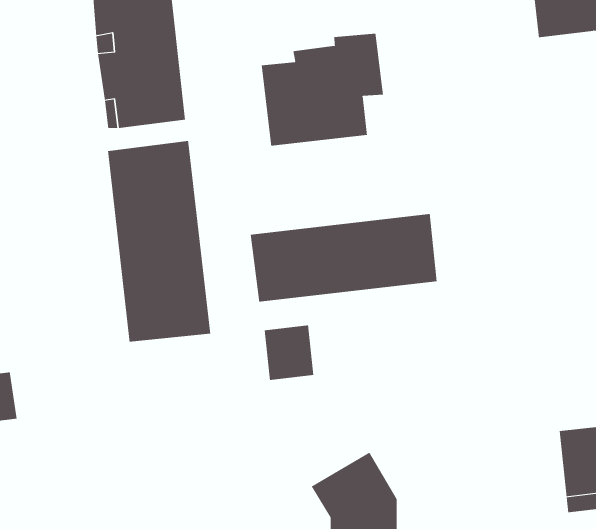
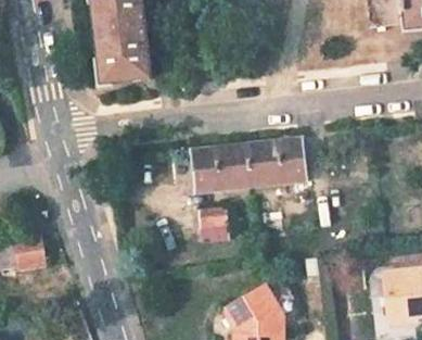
building: [261,33,383,147] -> none
building: [107,140,211,343] -> none

